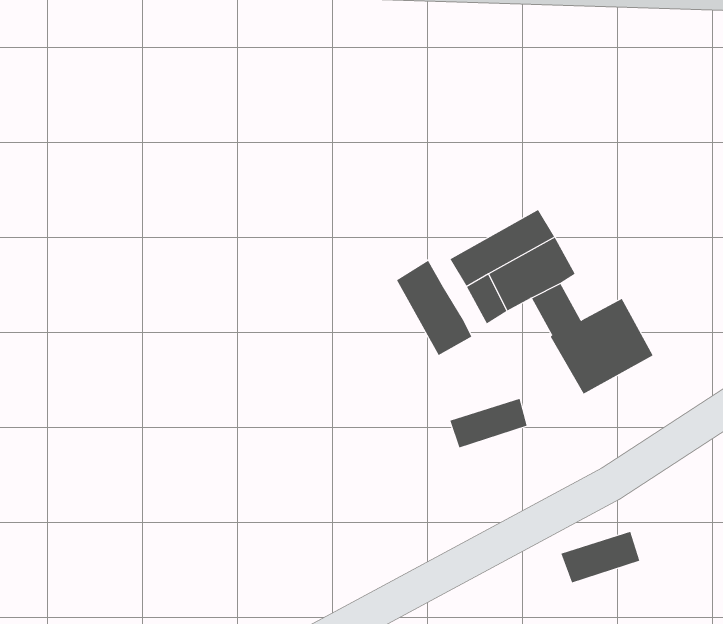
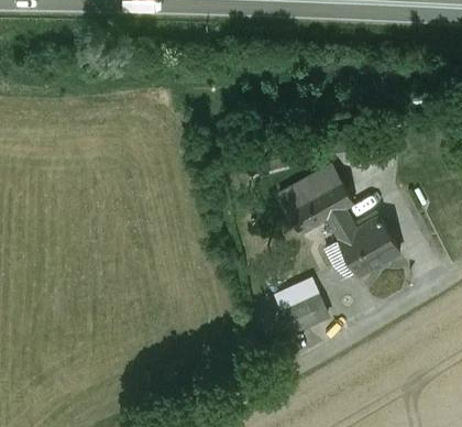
building: [396,260,472,356] -> none
building: [560,531,640,583] -> [283,296,330,327]

